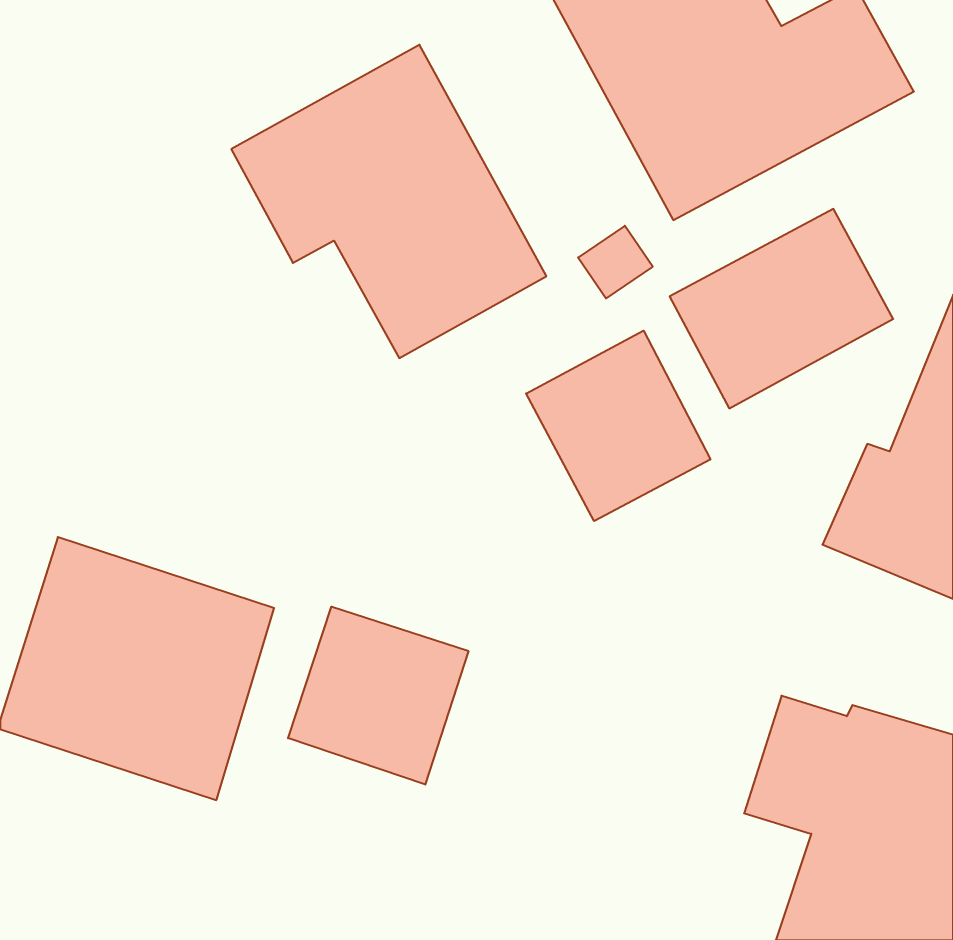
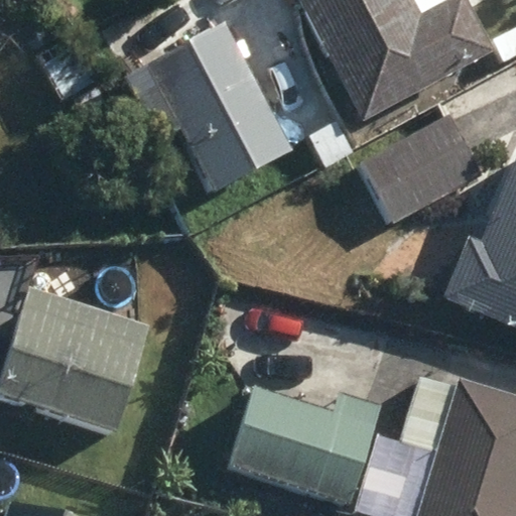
building: [526,331,710,521] -> none
building: [288,607,468,785] -> none
building: none -> [231,388,382,503]

